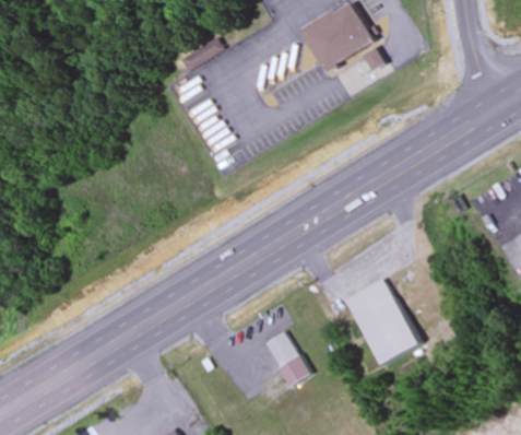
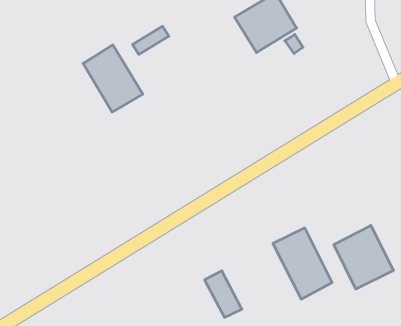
building: none -> [83,45,143,112]
building: none -> [334,225,394,289]

